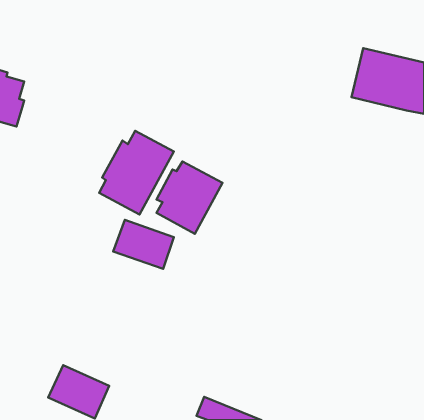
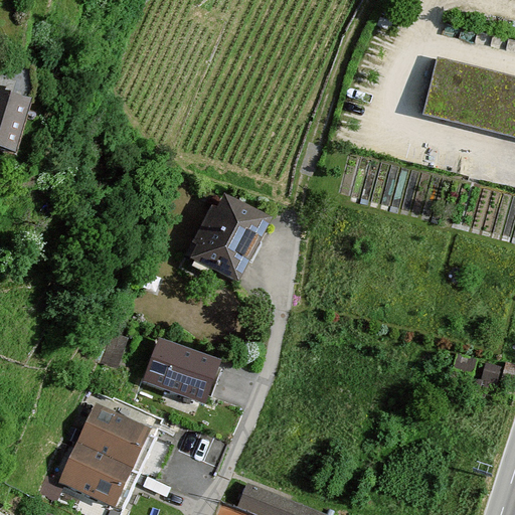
building: [99,131,174,215] -> none
building: [113,220,174,269] -> [148,343,221,402]
building: none -> [76,403,149,467]

